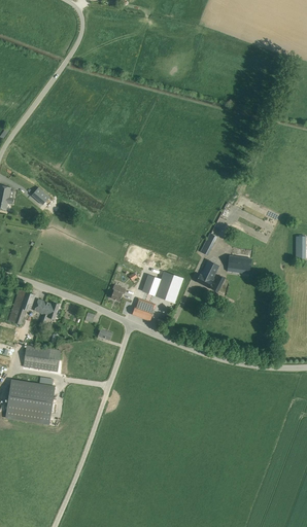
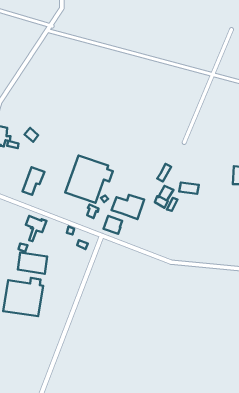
building: none -> [65,155,113,203]
building: [8,289,36,324] -> [22,167,44,195]

